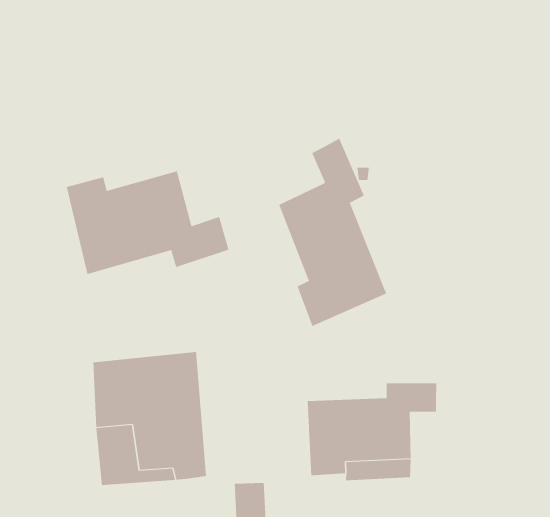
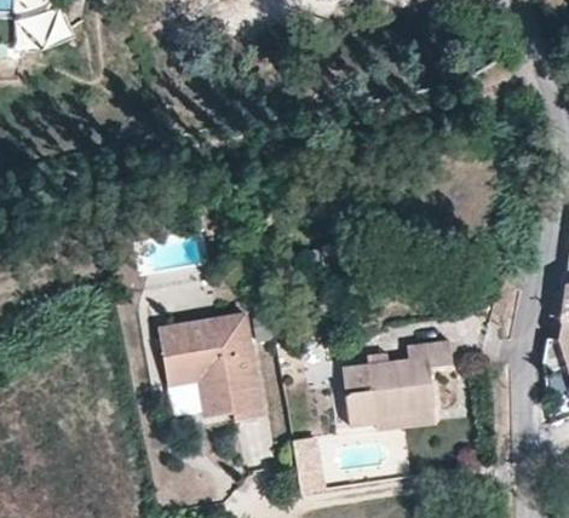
building: [279,138,387,327] -> none
building: [66,171,229,275] -> none

